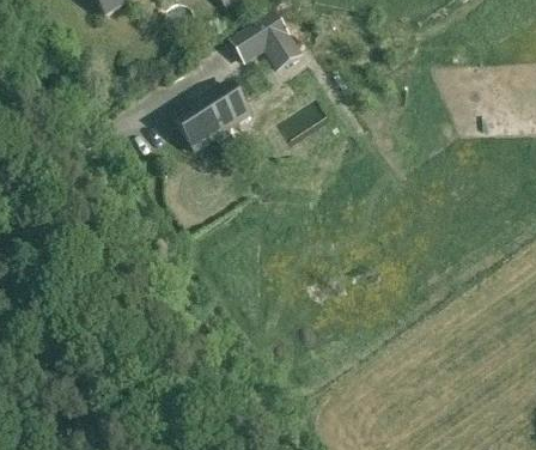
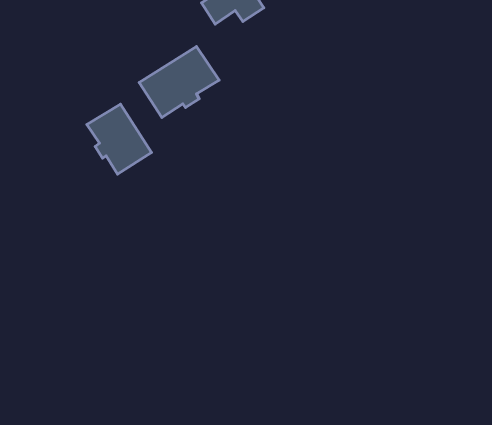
building: none -> [87,104,152,174]

